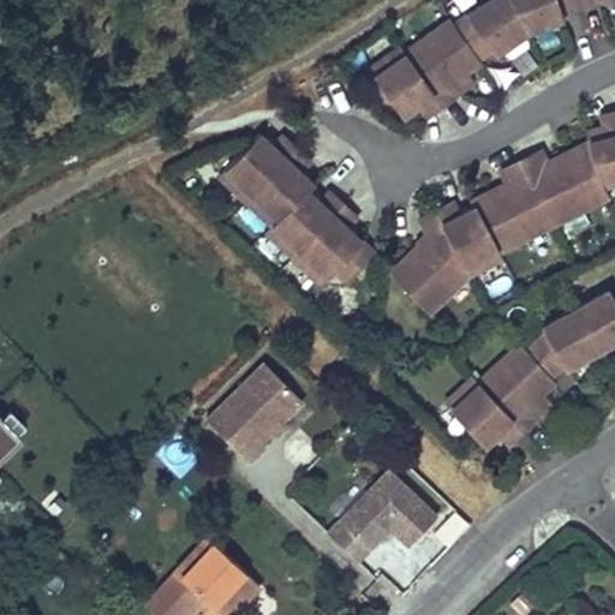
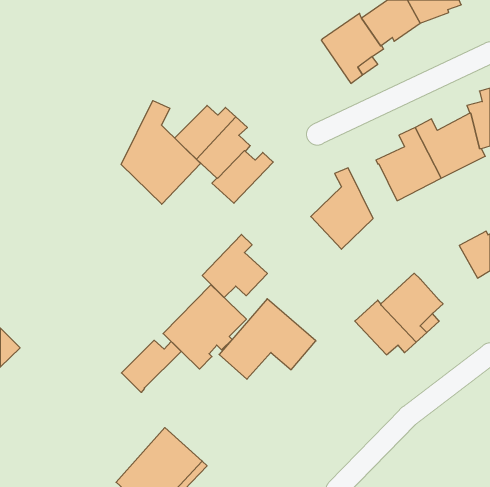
building: [369,48,440,118] -> none
building: none -> [121,101,201,204]
building: [436,205,501,277] -> none
building: [293,207,375,286] -> [202,234,267,298]
building: [526,311,598,380] -> none
building: none -> [121,340,181,392]
building: [326,464,447,565] -> [219,299,316,379]

